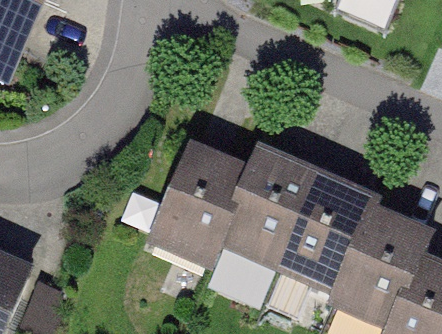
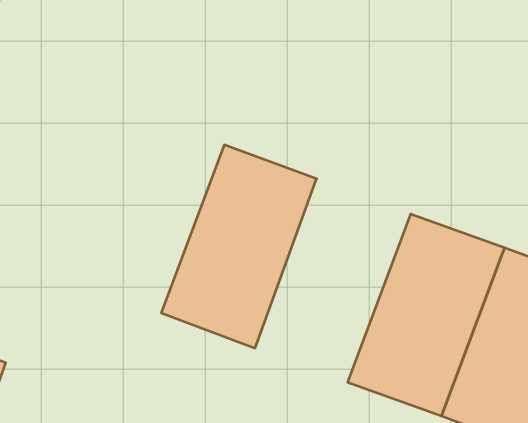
building: [200,152,310,289] -> none

